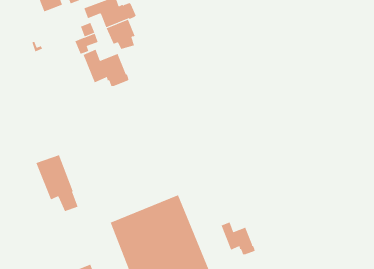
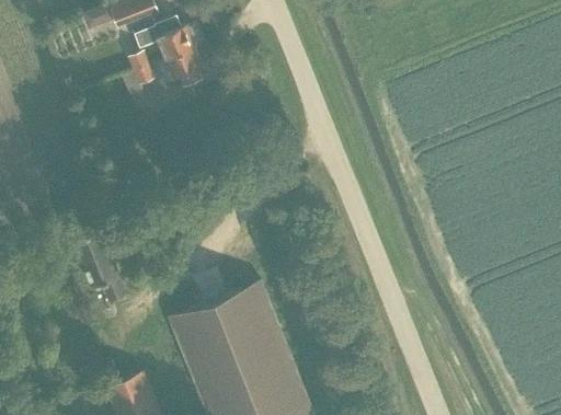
building: [83,49,129,87] -> none
building: [221,222,255,255] -> none

